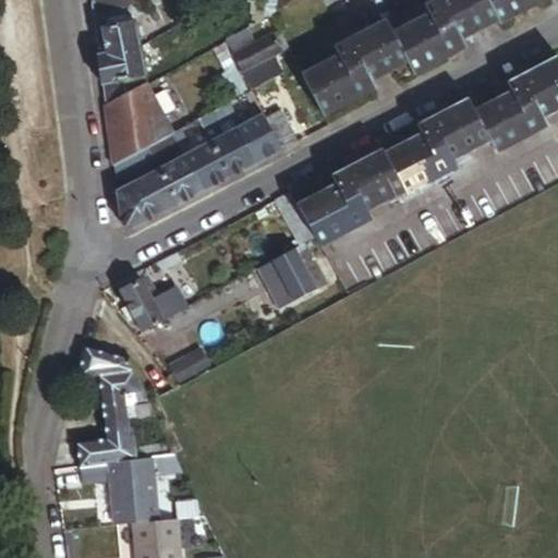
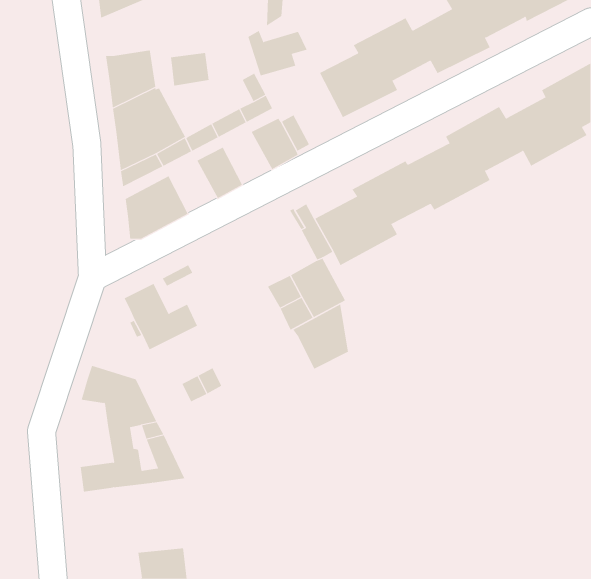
building: [105,21,142,52] -> [170,53,209,86]
building: [210,124,256,174] -> none
building: [159,151,205,202] -> none
building: none -> [292,303,348,370]
building: [107,456,151,523] -> none

